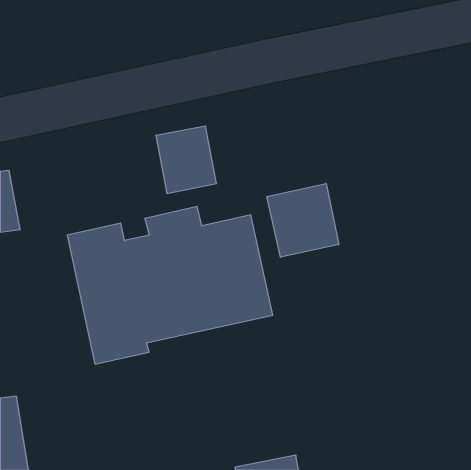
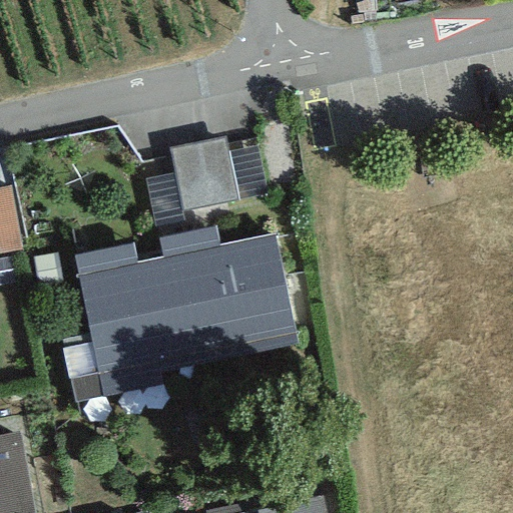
building: [267,183,339,257] -> none

